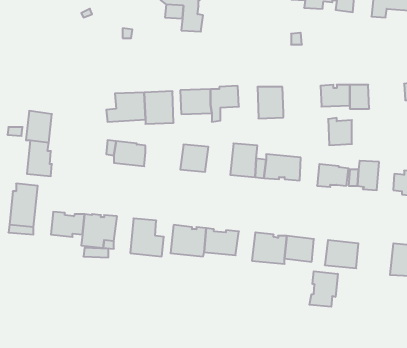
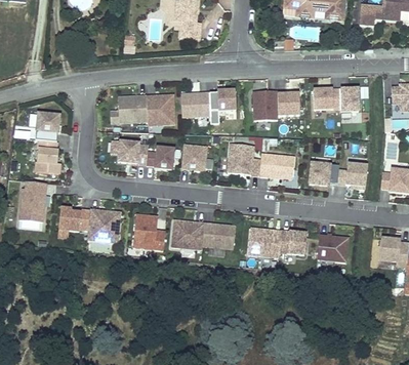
building: [328,118,352,145] -> [276,89,298,115]
building: none -> [146,148,173,170]
building: [309,271,338,307] -> none

